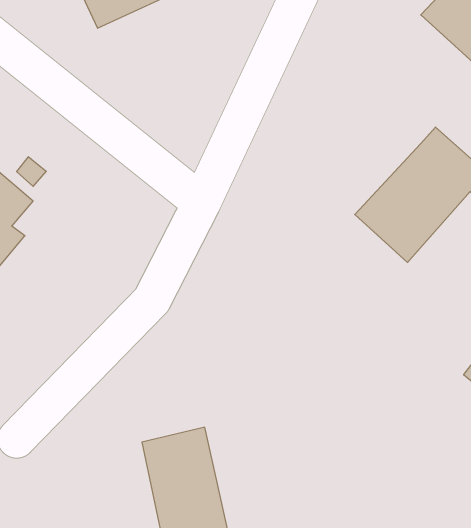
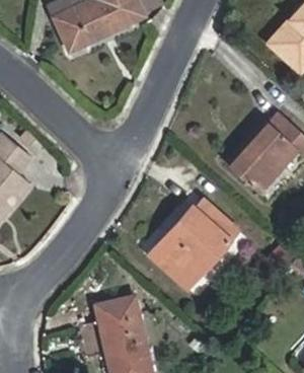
building: none -> [149,202,239,287]

